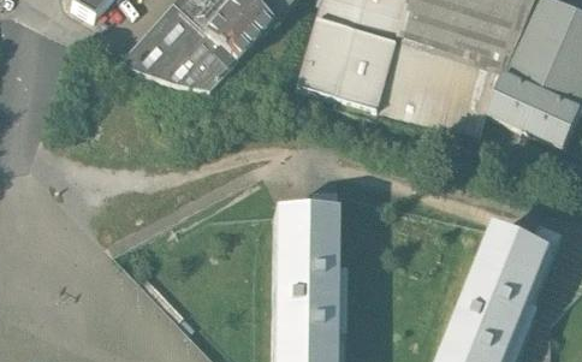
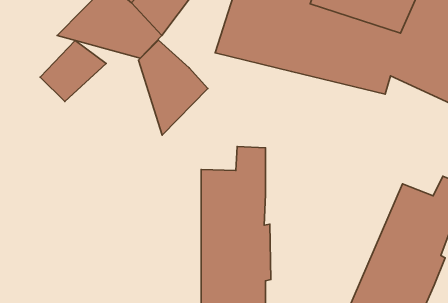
building: none -> [138,40,208,135]
building: none -> [40,40,106,102]

